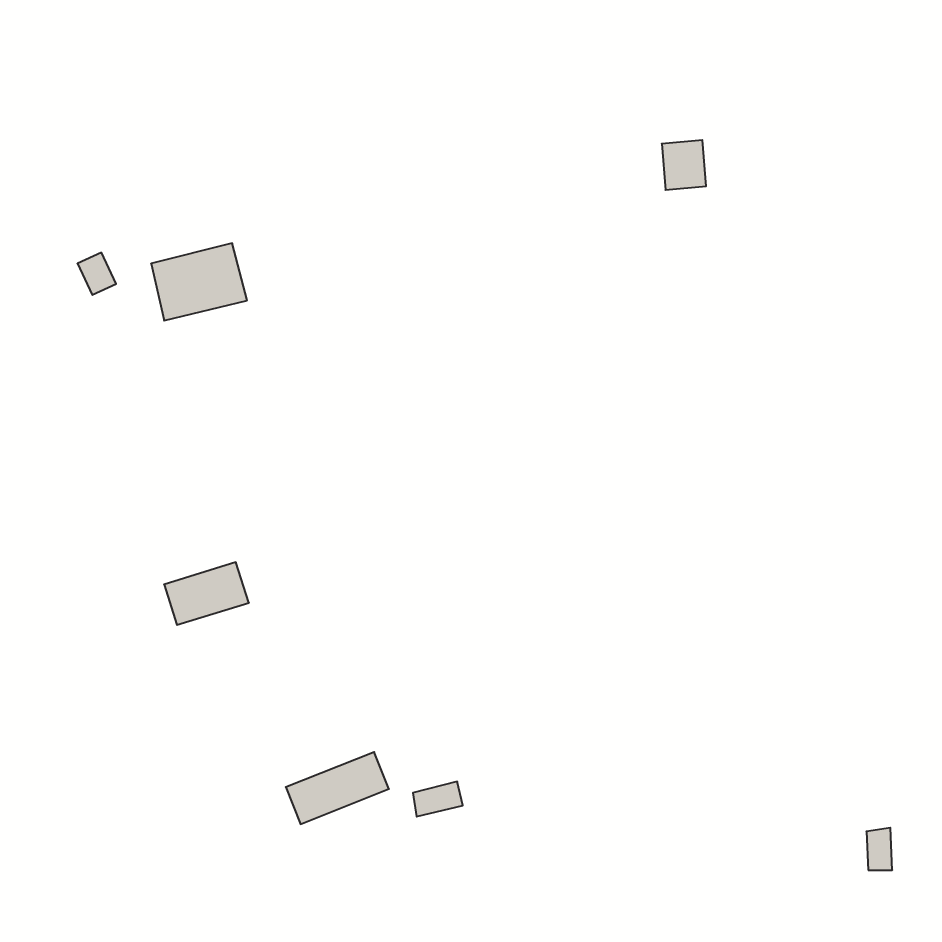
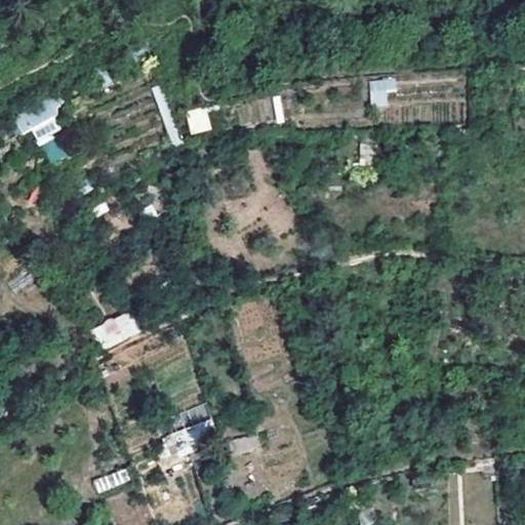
building: [151,243,247,321] -> [11,95,65,138]

